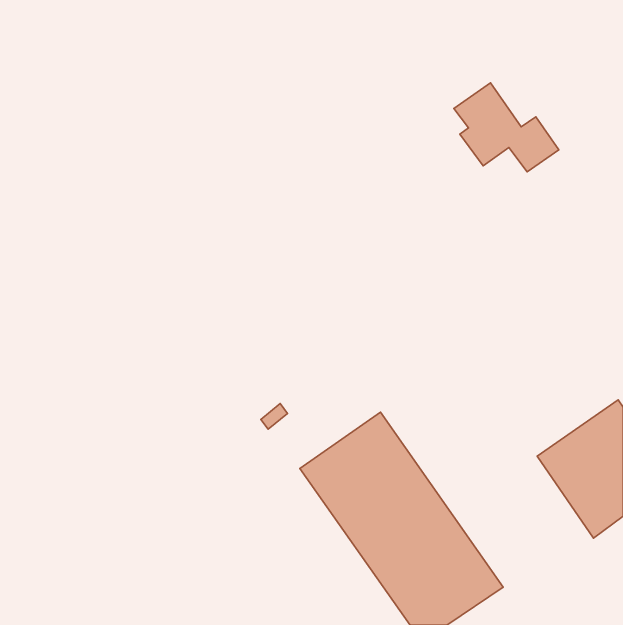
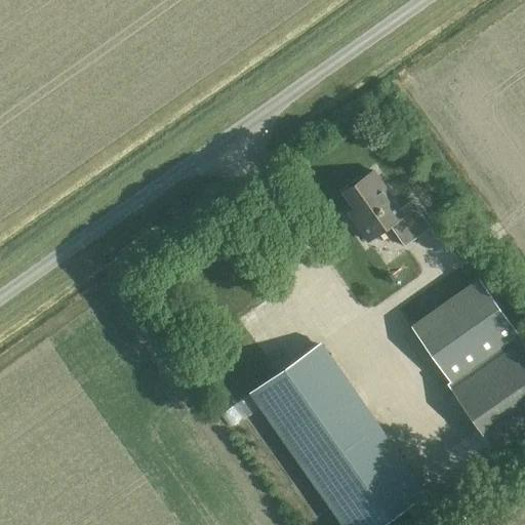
building: [454,83,559,172] -> [341,171,430,246]
building: none -> [410,278,518,382]

